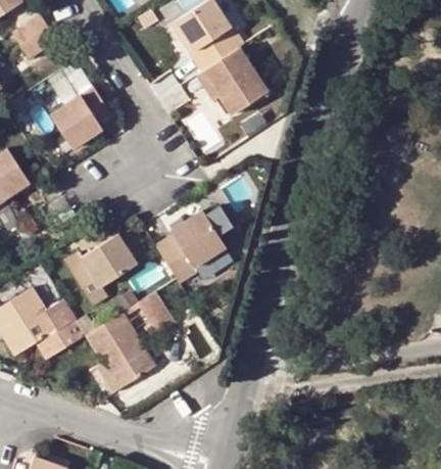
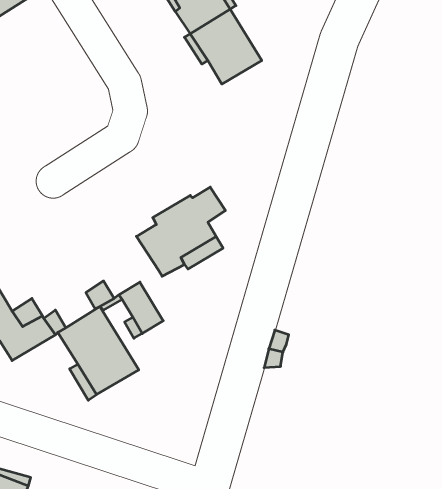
building: [52,88,114,149] -> none
building: [64,237,138,309] -> none

